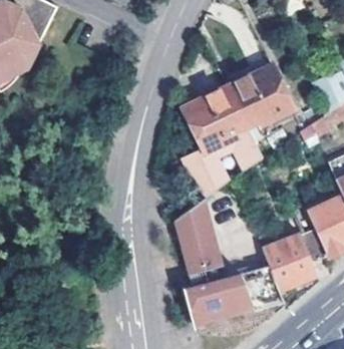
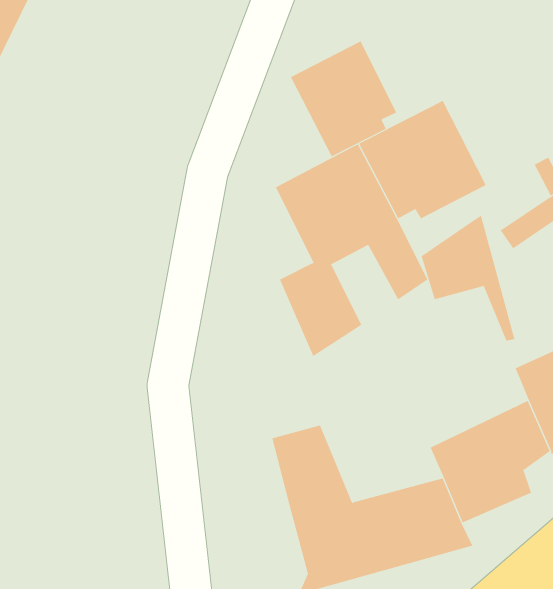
building: none -> [290,41,397,157]
building: [171,199,222,266] -> [421,215,515,341]

